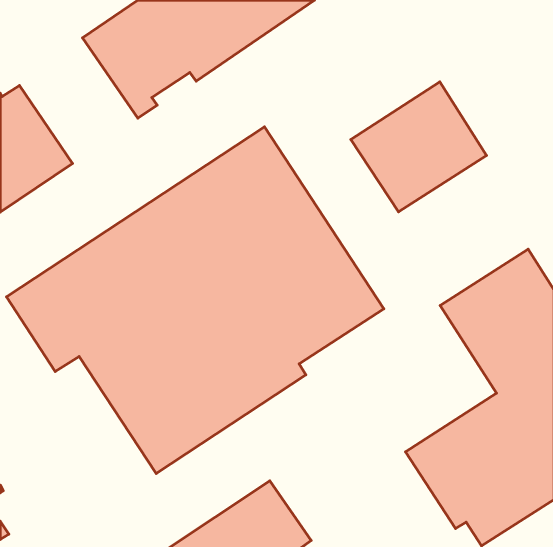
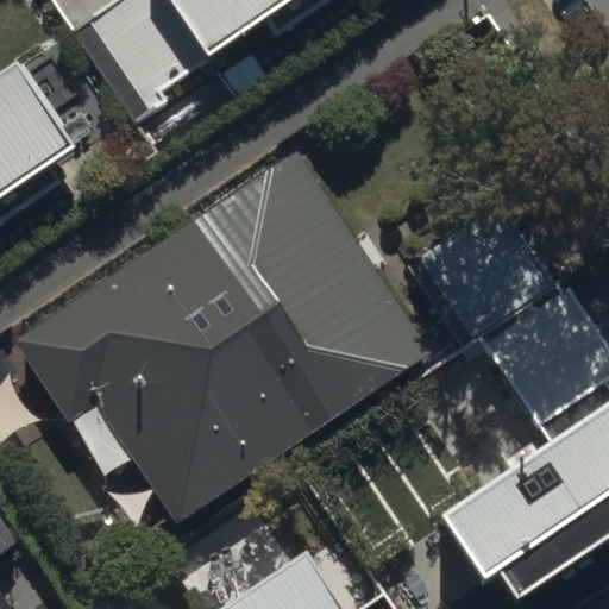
building: [351,82,486,212] -> [415,201,564,344]

